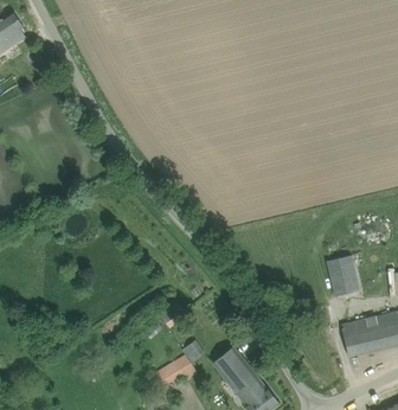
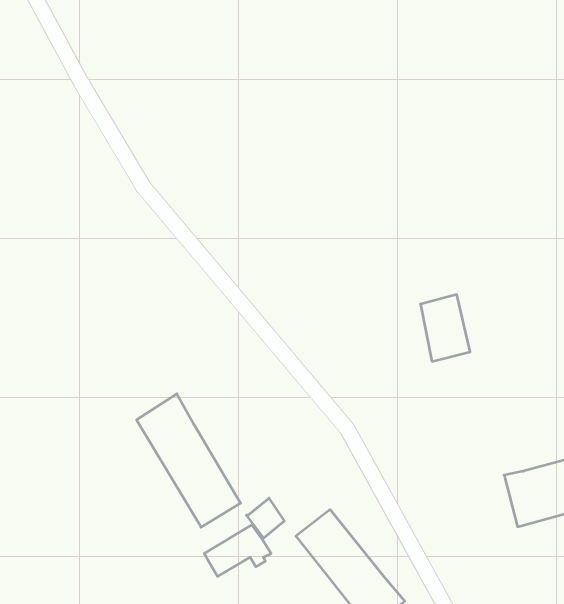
building: [328,255,359,296] -> [420,295,470,361]
building: none -> [137,394,241,527]

